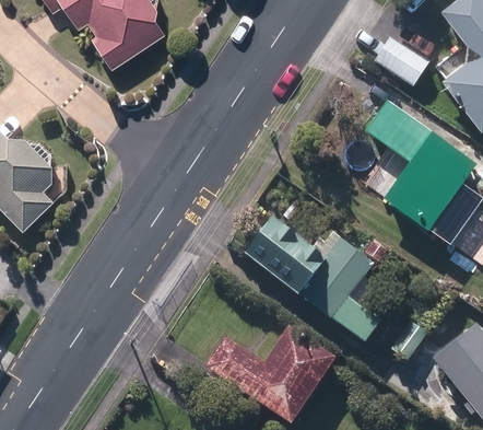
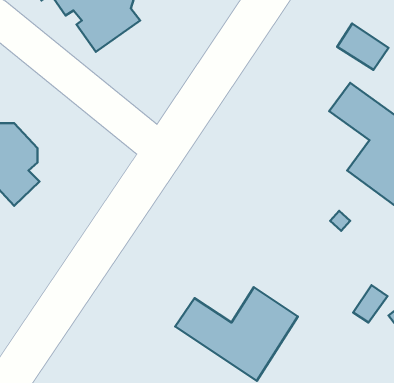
building: [241,213,380,341] -> none

